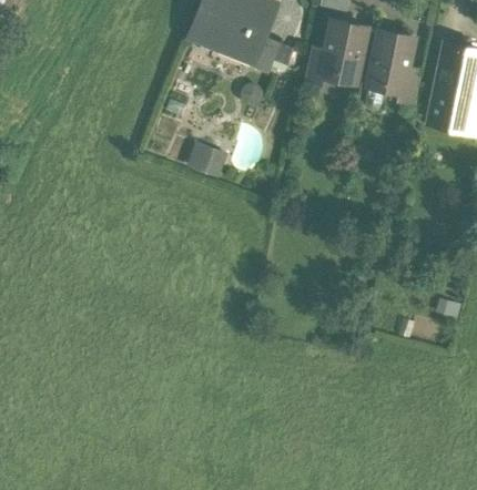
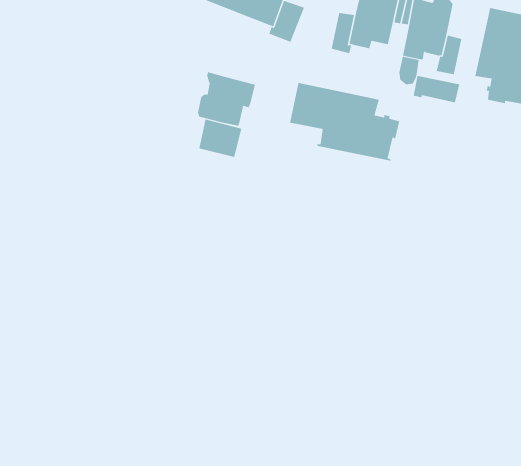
building: none -> [197,72,256,127]
building: none -> [413,75,460,103]
building: none -> [289,82,400,162]

